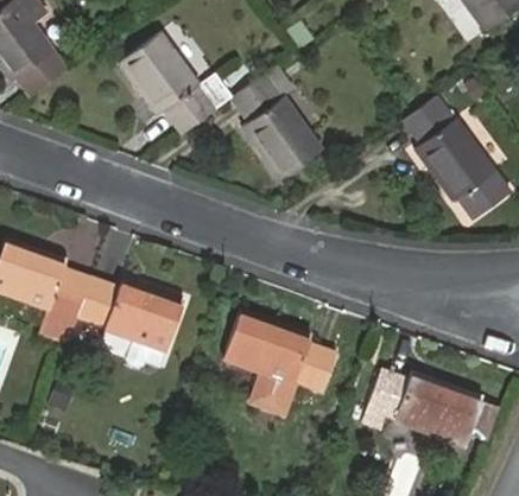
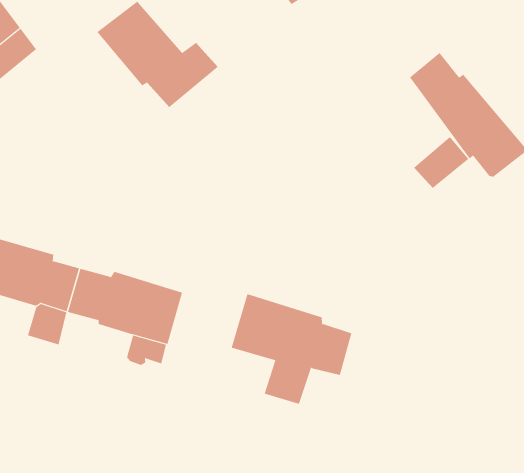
building: [233,76,322,180] -> none
building: none -> [413,136,469,189]
building: [362,370,483,447] -> none

